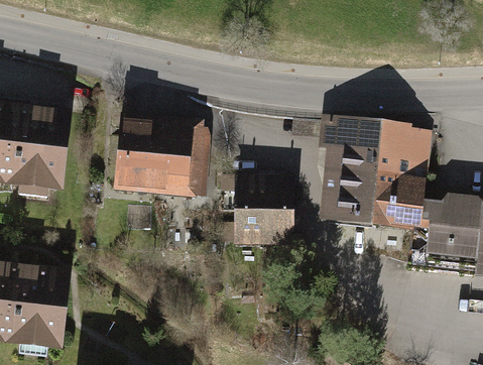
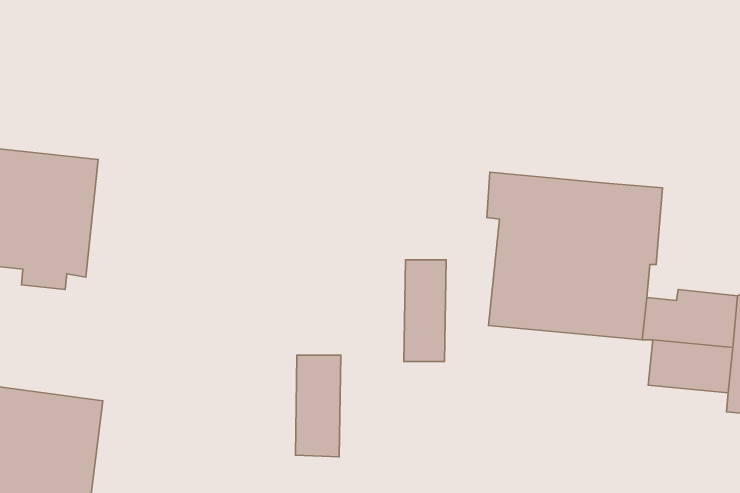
building: [114,118,204,191] -> none
building: [237,176,266,242] -> [295,355,341,457]

